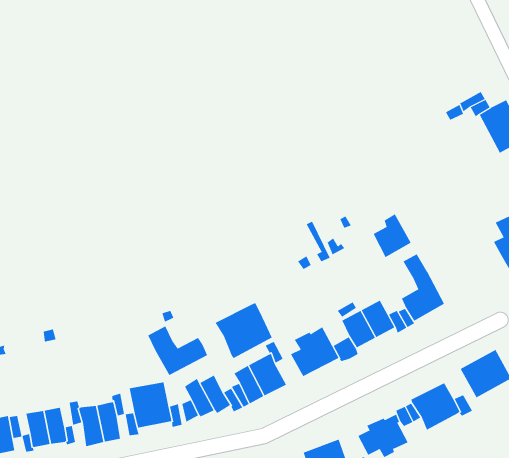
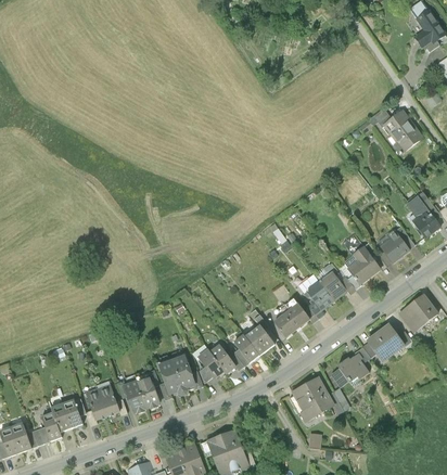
building: [373,213,411,258] -> [380,229,409,262]
building: [215,303,272,359] -> none
building: [147,326,208,376] -> none

